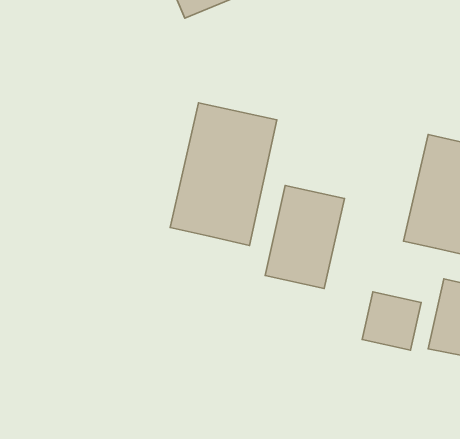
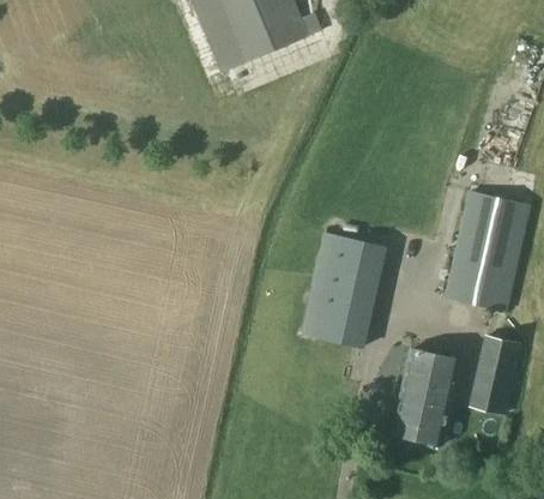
building: [170,103,277,245] -> none
building: none -> [393,396,451,443]

